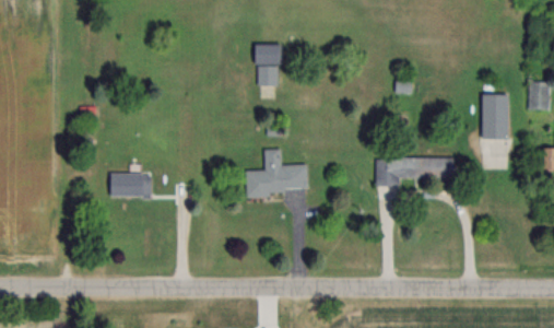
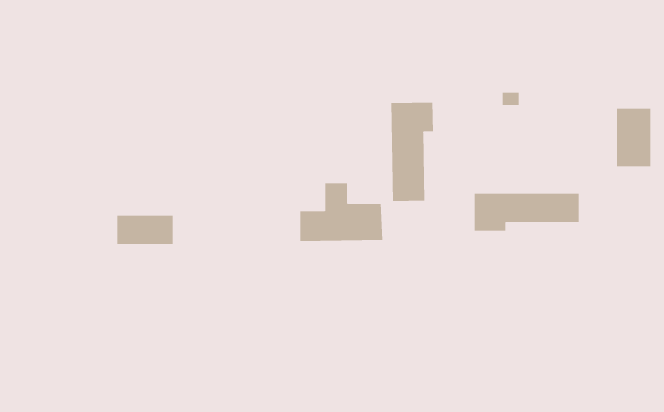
building: [254,45,278,84] -> none
building: none -> [391,102,433,202]

